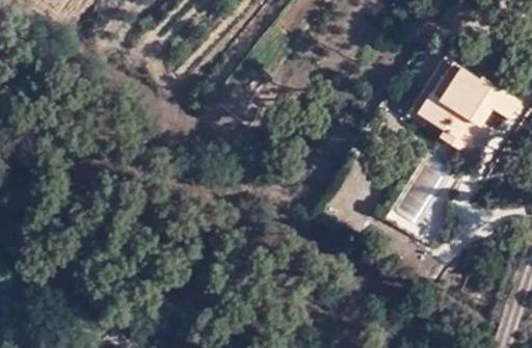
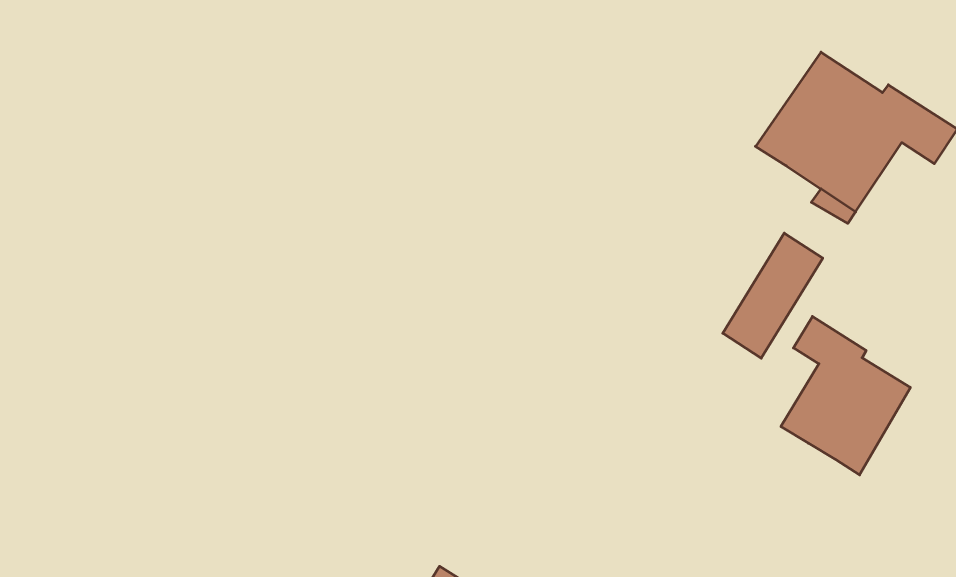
building: none -> [781,316,910,475]

